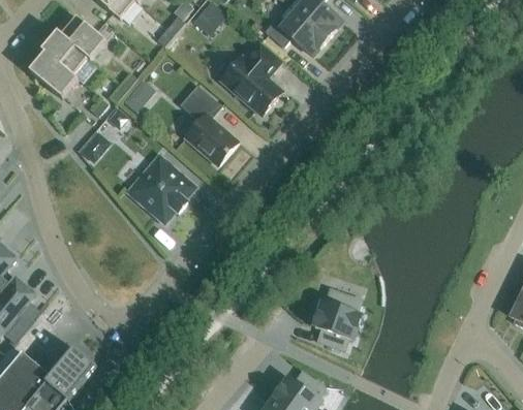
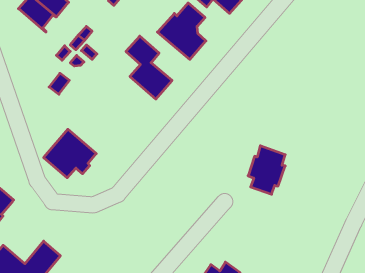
building: [29,50,76,98] -> none
building: [127,155,194,217] -> [44,129,96,178]
building: [313,288,361,350] -> [248,146,285,194]

